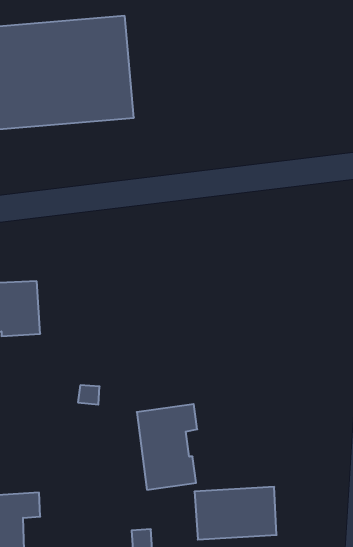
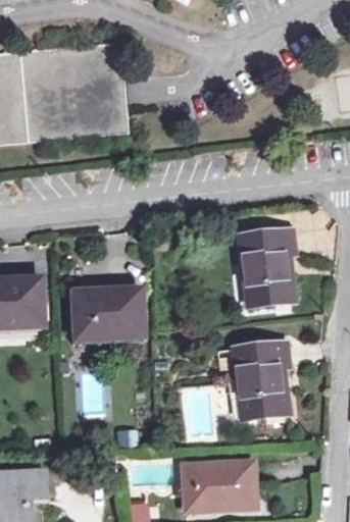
building: none -> [241,230,295,305]
building: none -> [76,288,144,336]
building: [137,404,197,490] -> [235,343,289,419]

